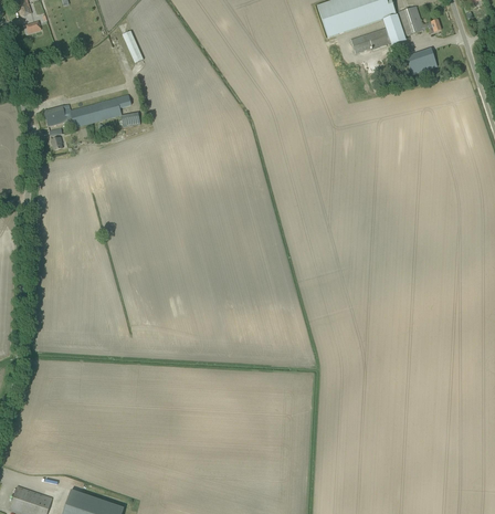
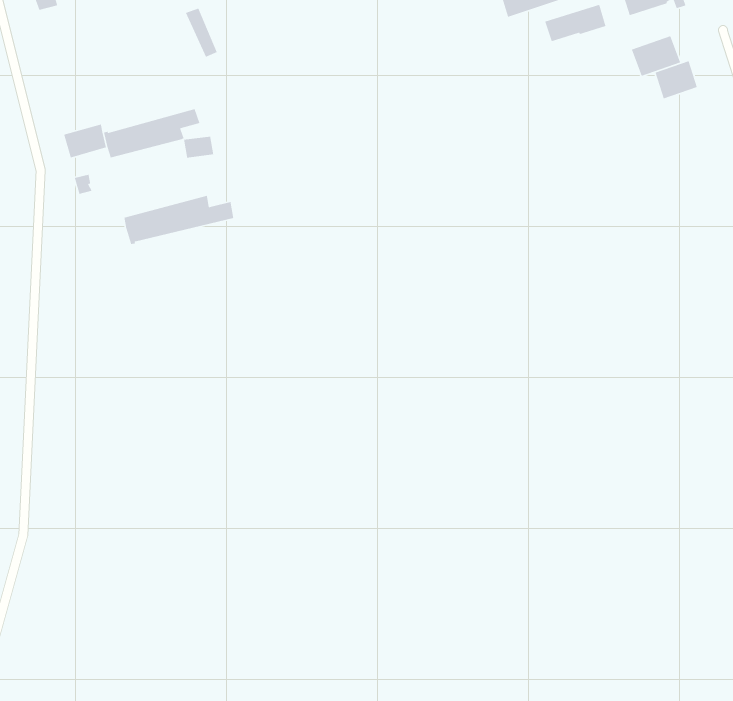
building: none -> [654,60,698,100]
building: none -> [123,195,234,245]

